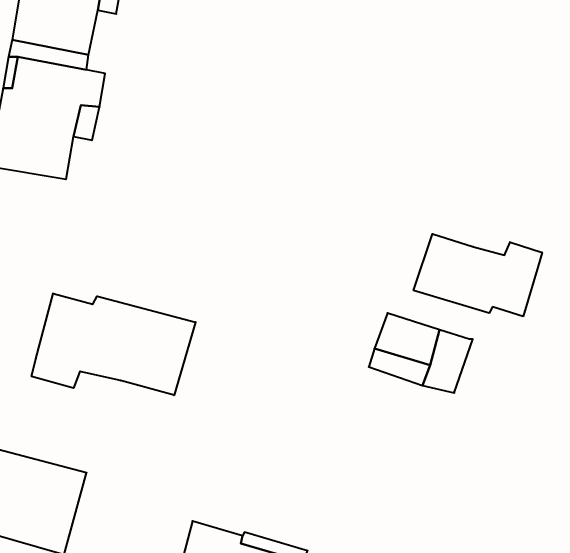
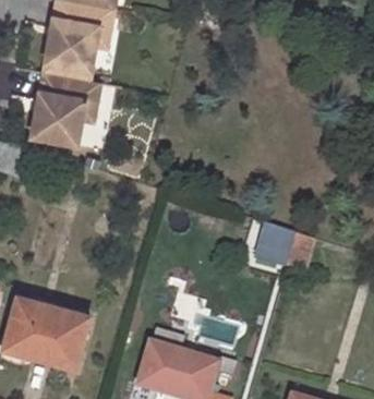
building: [414,234,542,316] -> none
building: [32,293,196,395] -> none

